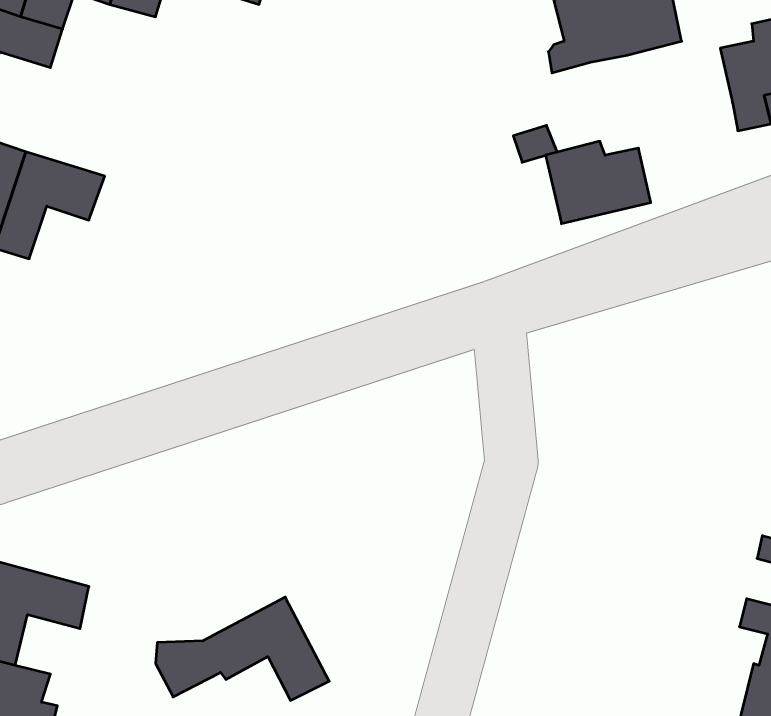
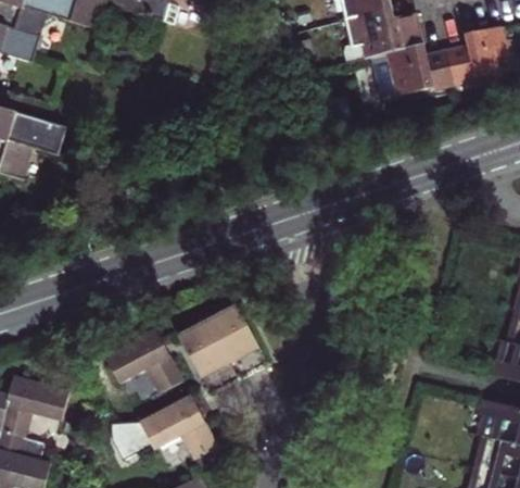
building: [546,141,651,224] -> [396,48,461,99]
building: none -> [172,303,261,392]
building: none -> [98,324,176,389]

